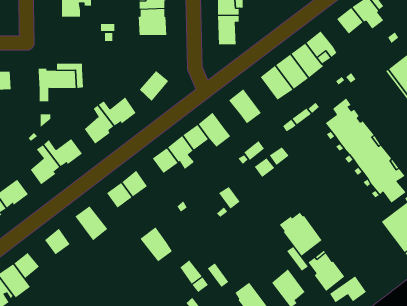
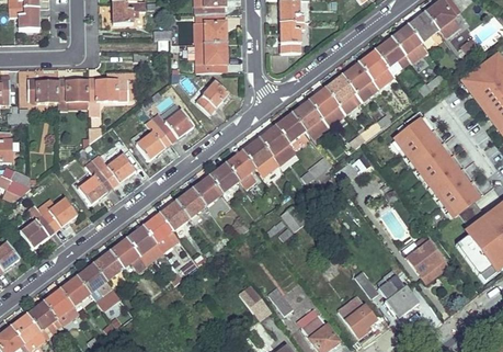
building: none -> [391,25,427,64]
building: none -> [195,43,226,72]
building: none -> [57,78,88,110]
building: none -> [308,88,344,126]
building: none -> [275,113,305,141]
building: none -> [193,175,221,205]
building: [279,212,323,256] -> [401,236,448,284]
building: none -> [110,238,146,270]
building: [139,227,173,262] -> [142,213,179,251]
building: none -> [76,263,119,310]

